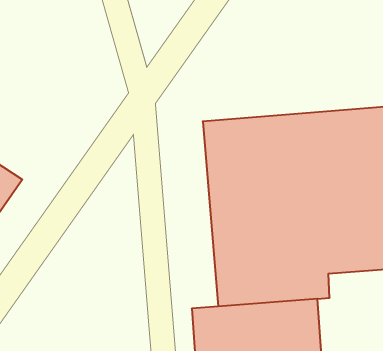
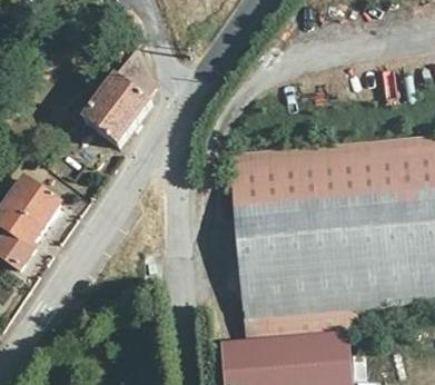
building: none -> [69,55,140,148]

